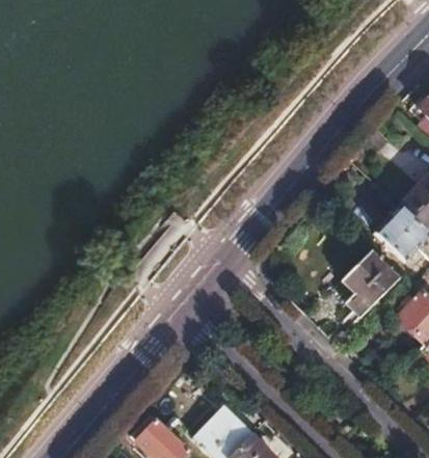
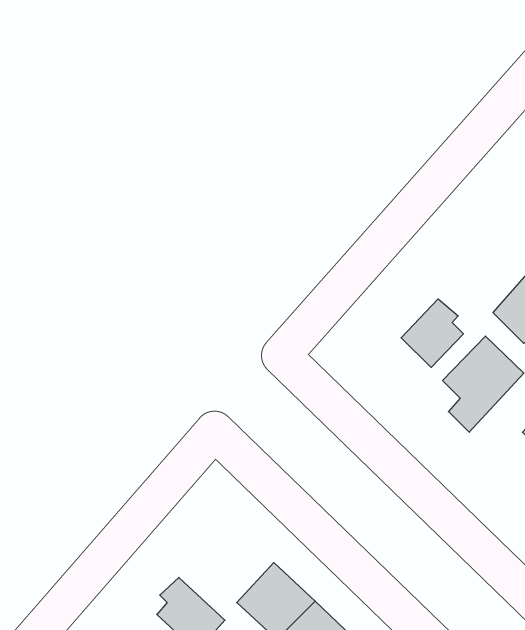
building: none -> [401,299,463,367]

